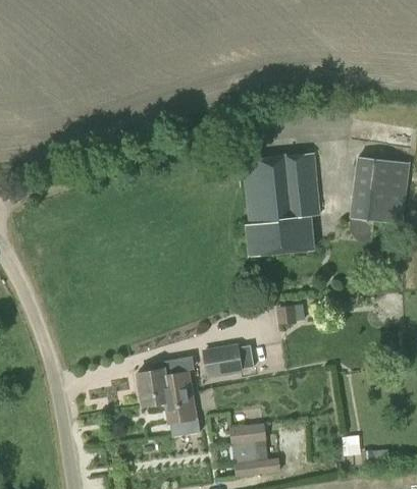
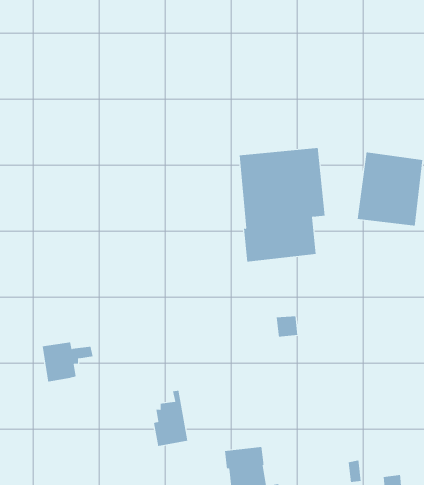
building: [202,342,254,379] -> none
building: [138,369,185,405] -> [42,342,94,382]

